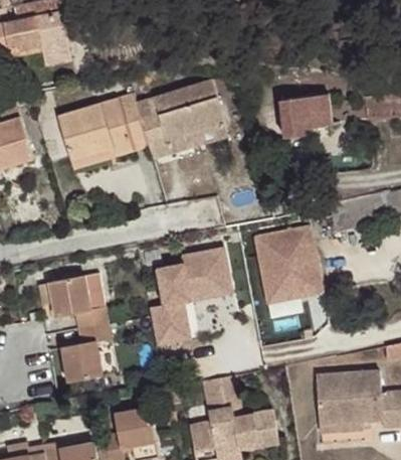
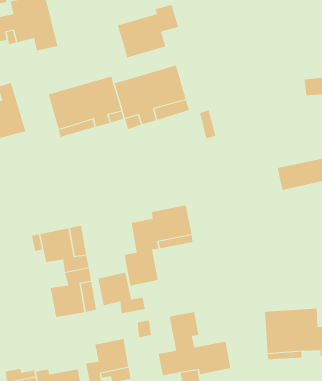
building: none -> [117,4,179,58]
building: [278,93,332,137] -> none
building: [254,226,321,303] -> none
building: none -> [98,272,146,314]

